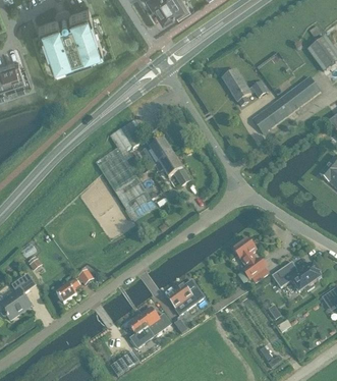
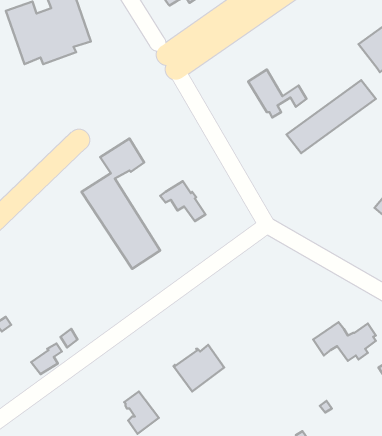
building: [144,139,172,166] -> none
building: [232,236,269,282] -> none
building: [138,307,170,335] -> none

